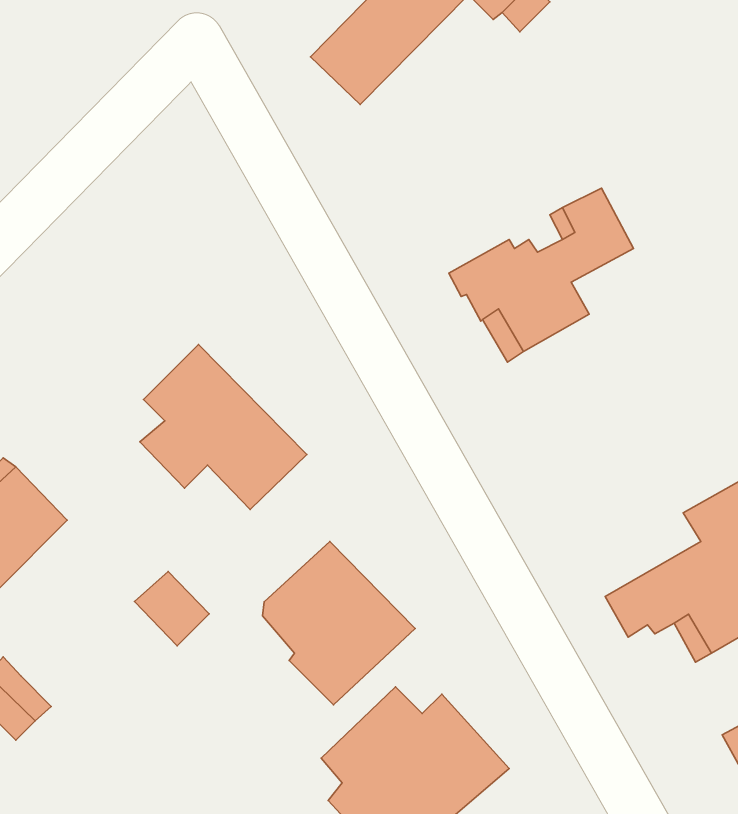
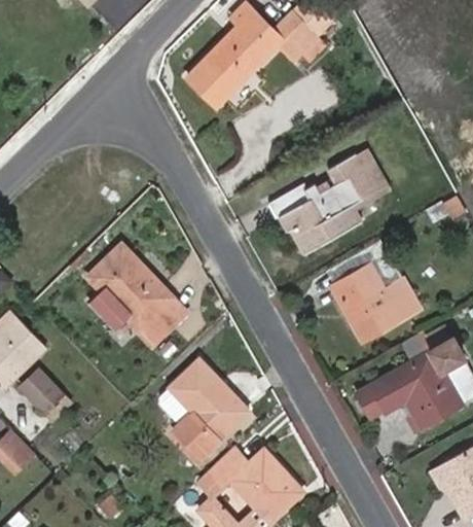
building: none -> [339,148,392,229]
building: none -> [331,265,420,341]
building: [135,571,209,646] -> [20,368,63,412]

